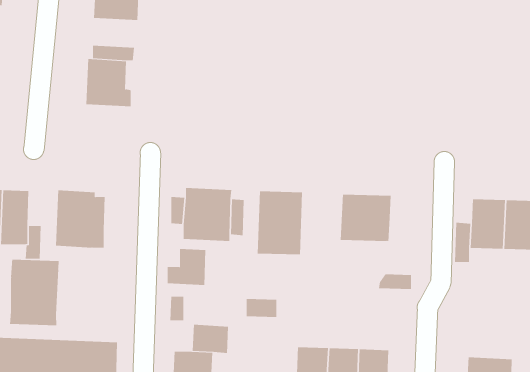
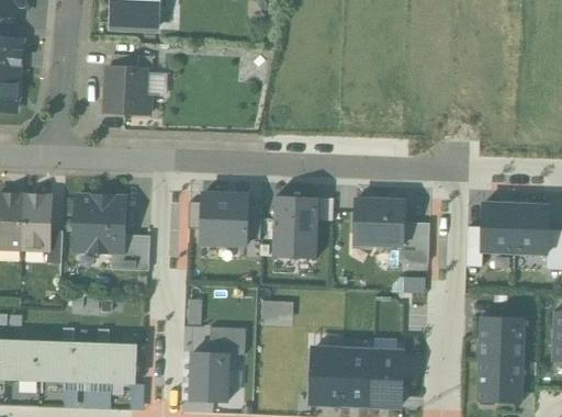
building: none -> [400,223,429,262]
building: [167,249,206,286] -> [111,235,149,271]
building: [9,259,59,326] -> none
building: none -> [479,316,525,361]

